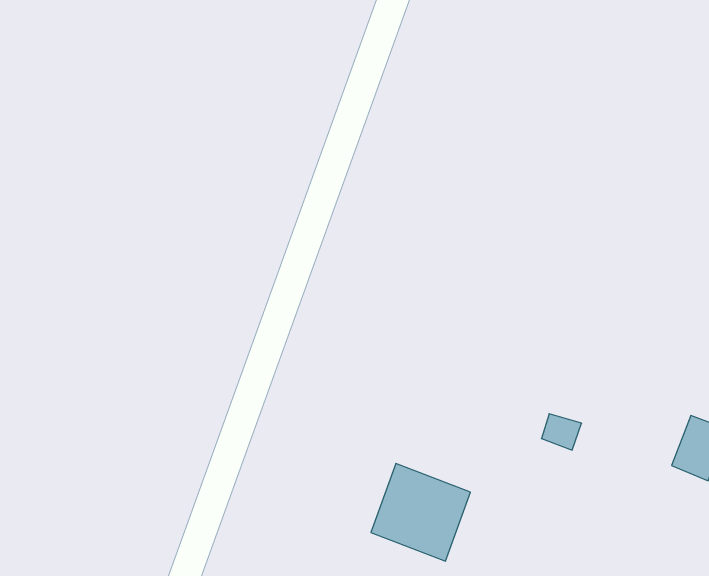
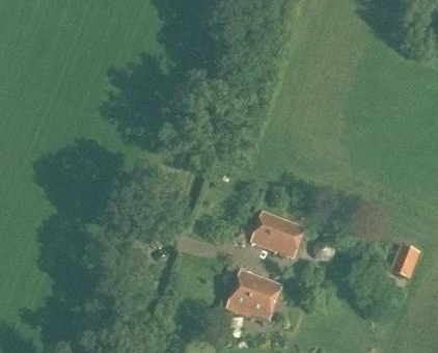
building: none -> [250,212,303,257]

